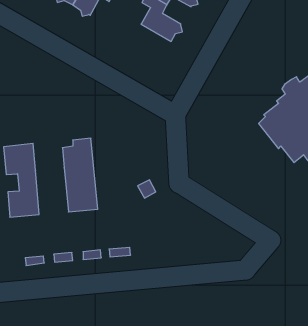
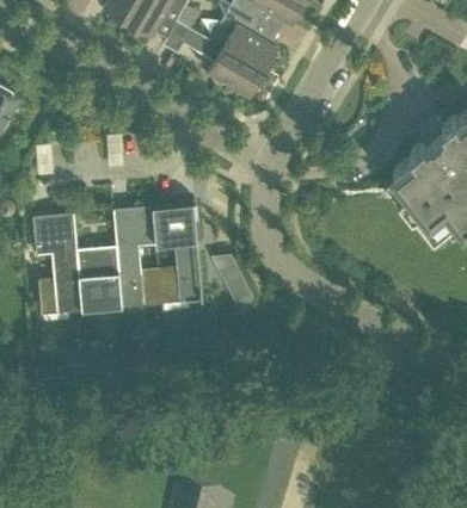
building: none -> [164,21,265,97]
building: none -> [154,202,203,303]
building: none -> [78,246,123,310]

